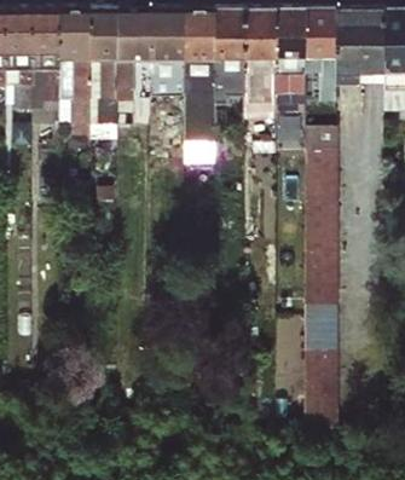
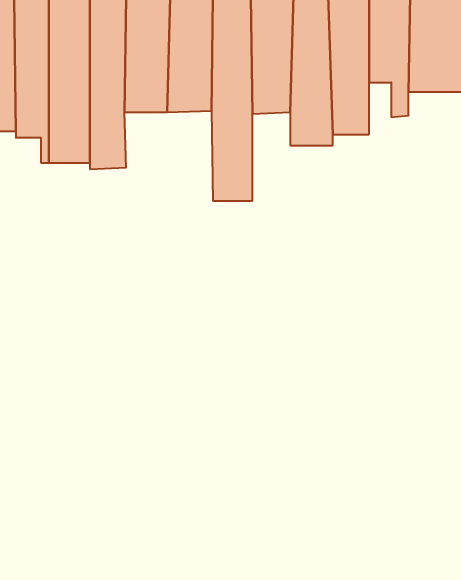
building: [303,122,343,427] -> none

